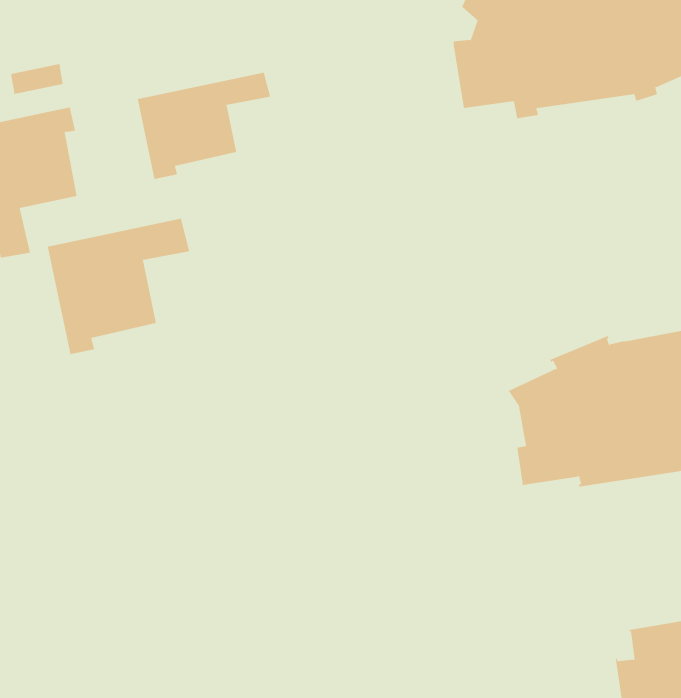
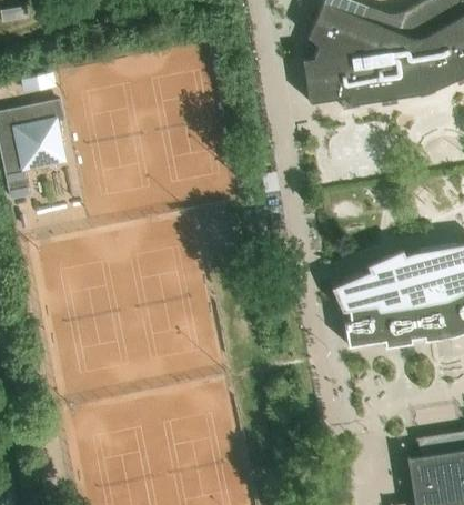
building: [137,72,271,180] -> none
building: [47,218,190,355] -> none

